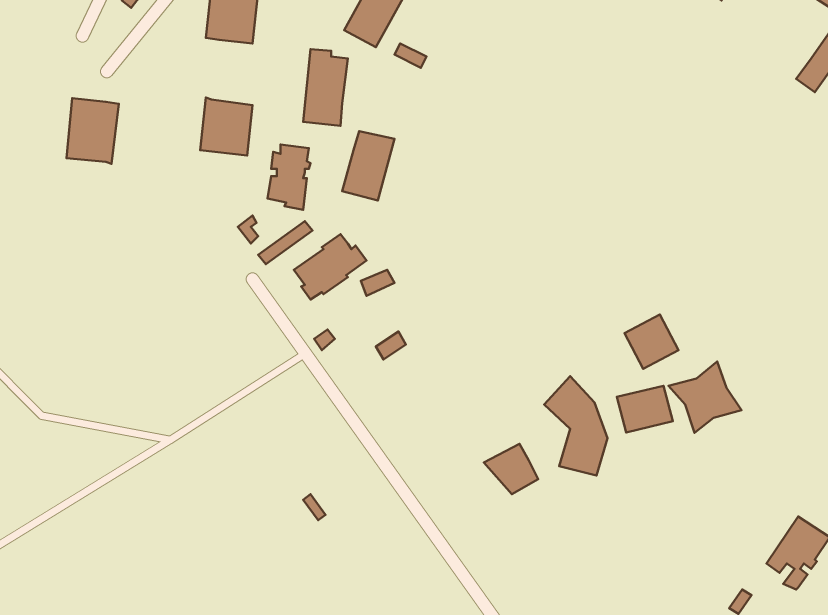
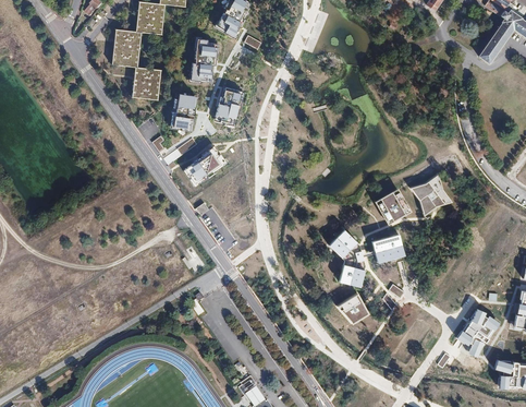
building: [67,98,119,164] -> [111,29,142,68]
building: [669,362,741,433] -> [412,173,454,215]
building: [484,444,538,494] -> [339,294,370,323]

